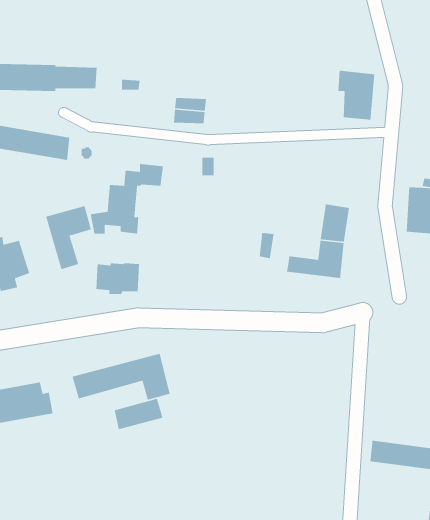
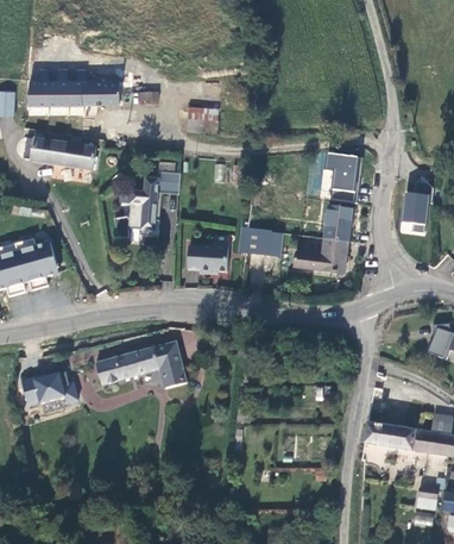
building: [337,70,375,121] -> [324,151,359,198]
building: [45,205,92,270] -> none
building: none -> [242,229,269,255]
building: [96,262,140,295] -> [189,244,229,274]
building: [114,398,163,430] -> none

